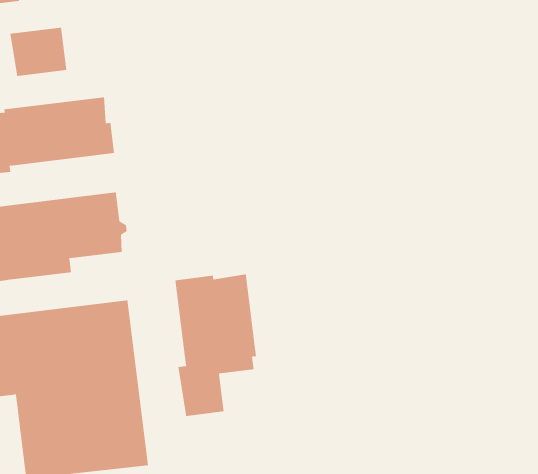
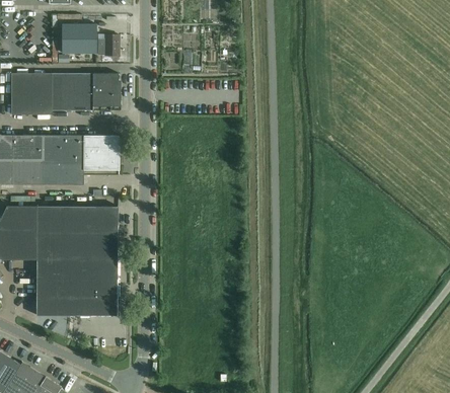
building: none -> [97,34,119,56]
building: [175,273,256,417] -> none

